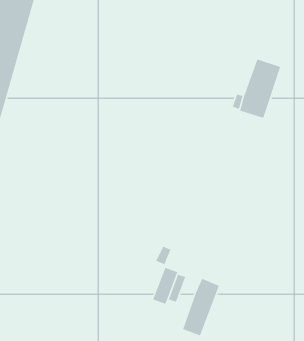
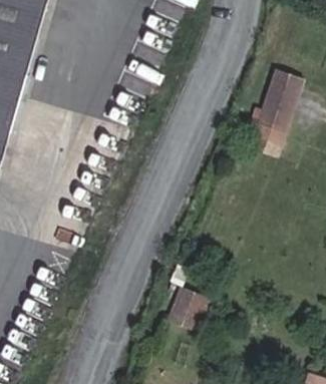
building: [182,278,220,337] -> none

